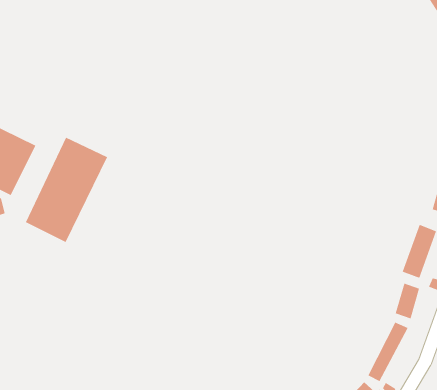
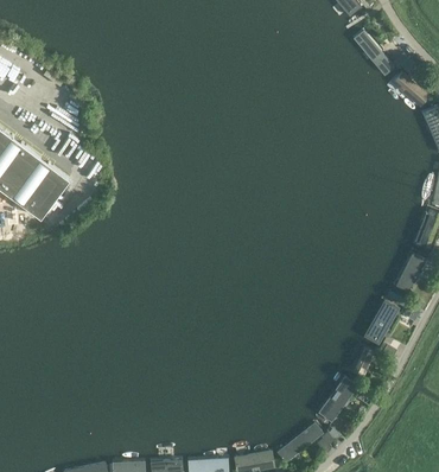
building: [25,137,108,243] -> none

